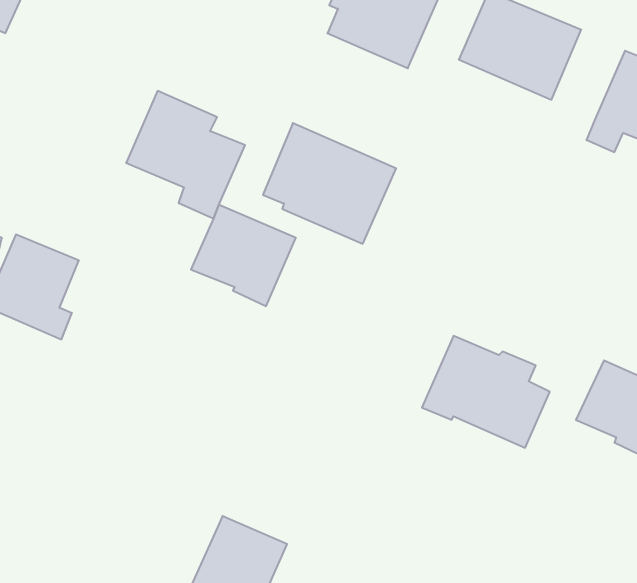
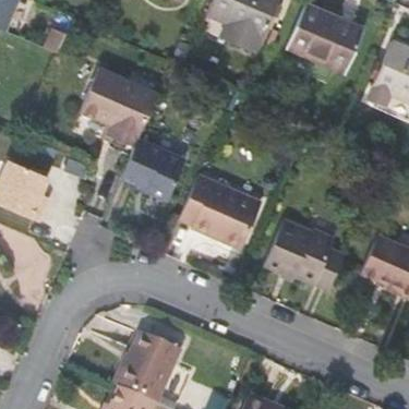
building: [263,123,396,244] -> [179,173,262,249]

